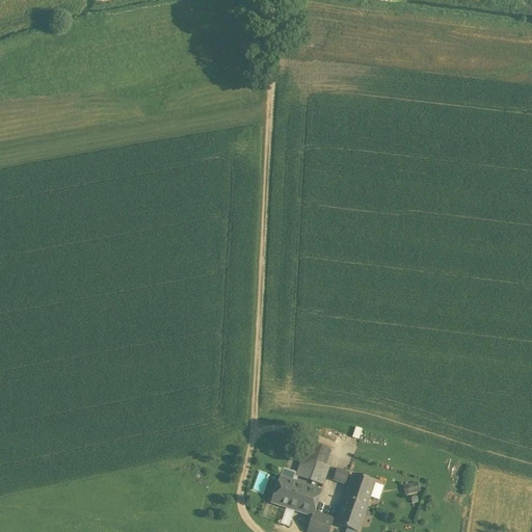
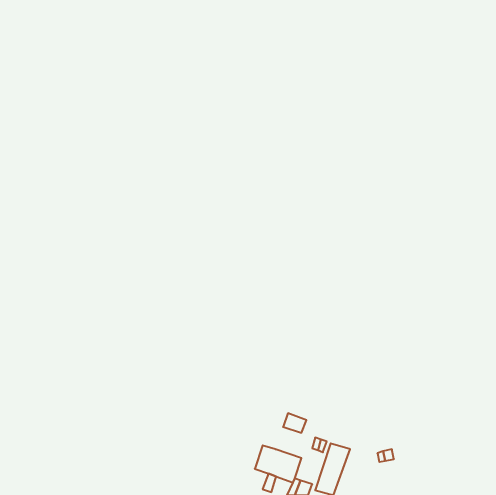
building: [295,456,330,489] -> none

